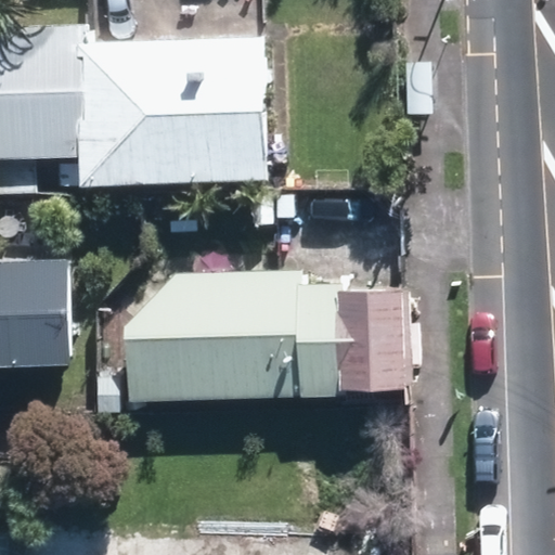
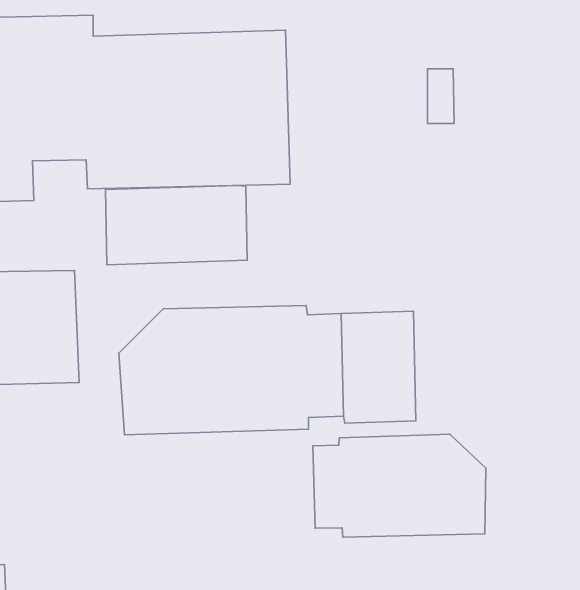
building: none -> [105,185,247,265]
building: none -> [313,434,486,537]

